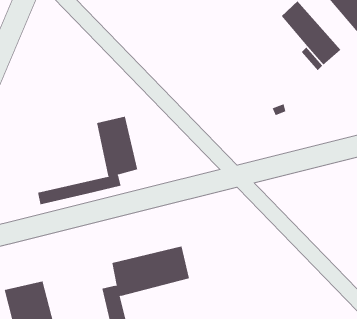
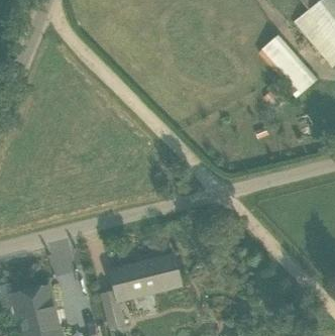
building: [37,116,138,205] -> none

